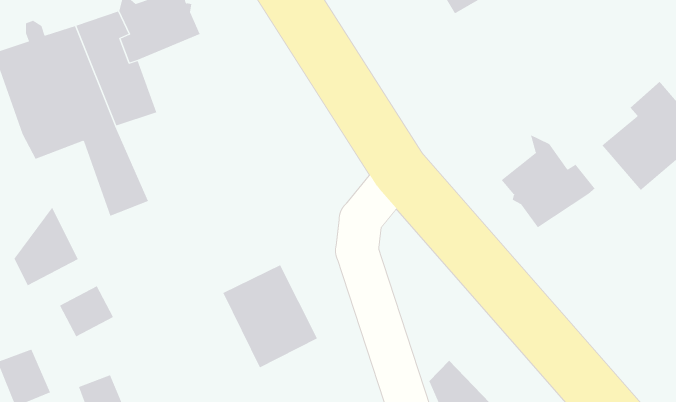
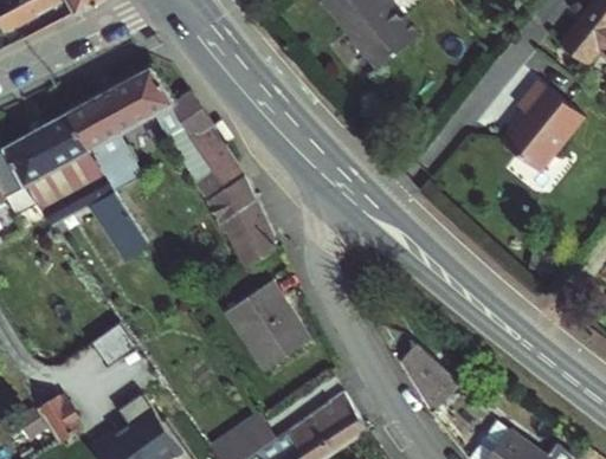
building: none -> [168,98,270,270]
building: [501,134,595,228] -> none
building: [14,207,79,286] -> none

